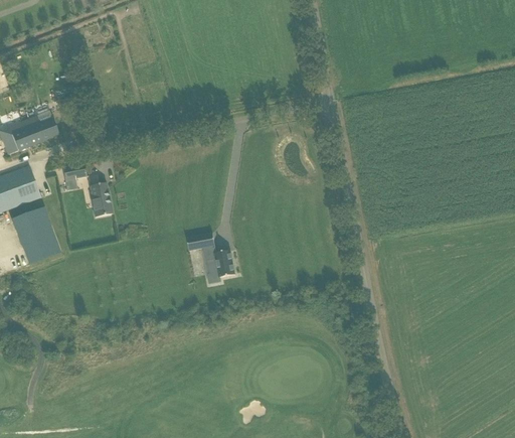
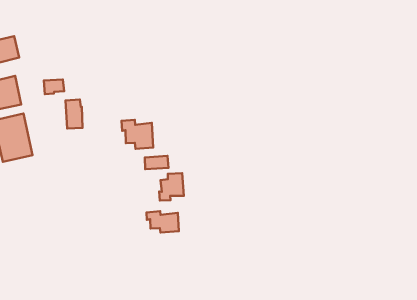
building: [21,116,57,144] -> none
building: none -> [122,120,153,149]
building: none -> [146,211,179,233]

